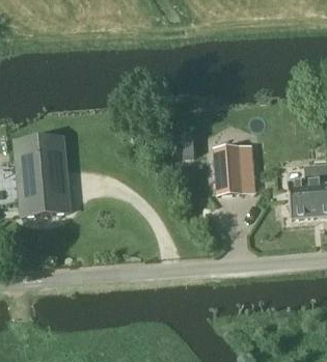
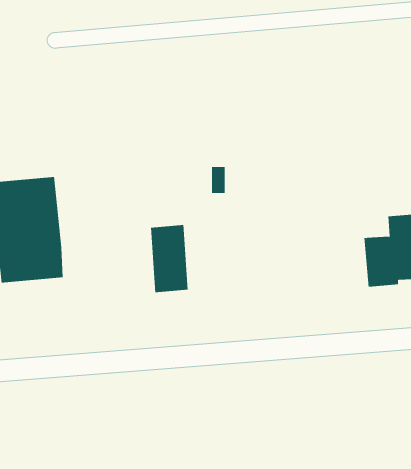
building: [215,145,243,195] -> [150,225,189,293]

